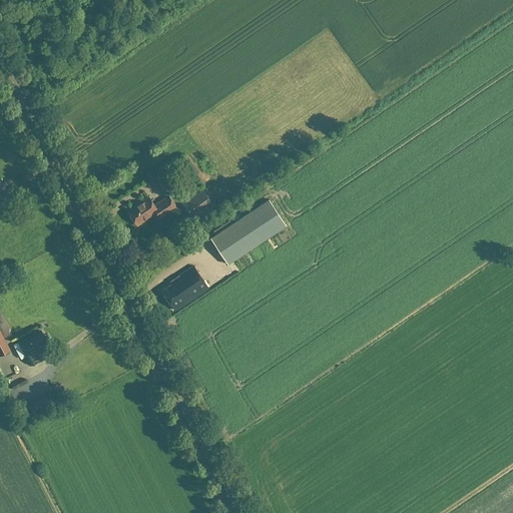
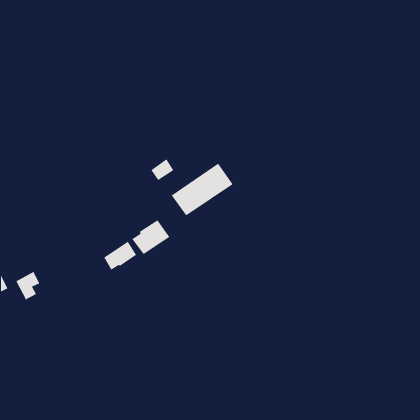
building: [126,197,175,226] -> none
building: none -> [103,241,137,271]

